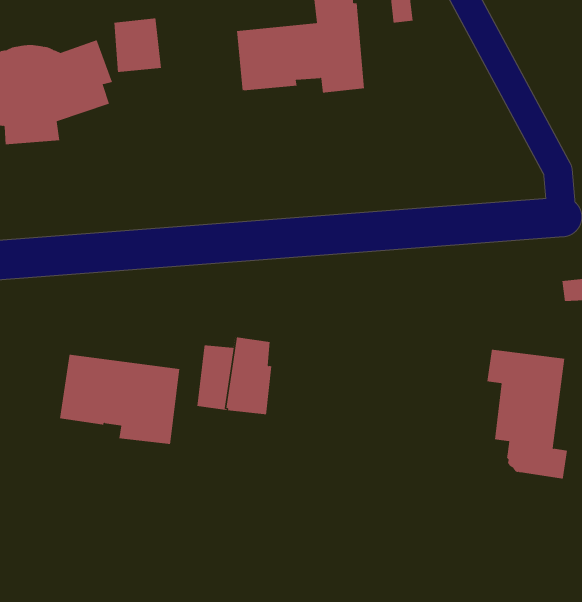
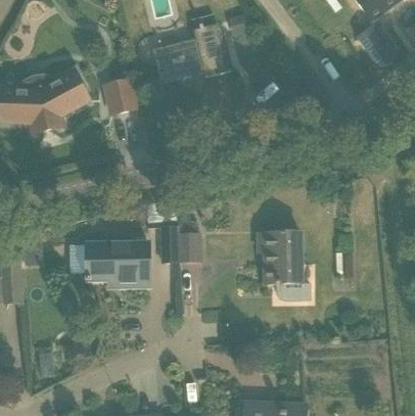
building: [113,18,162,72] -> [104,81,135,114]
building: [486,349,568,479] -> [258,233,309,301]

